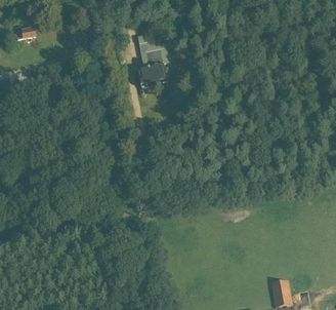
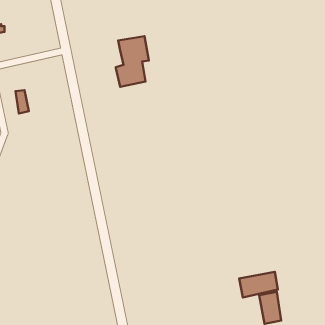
building: none -> [239,272,278,297]

